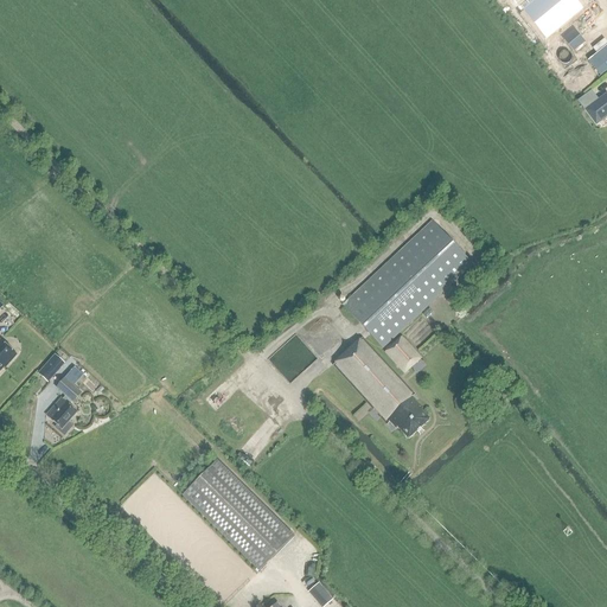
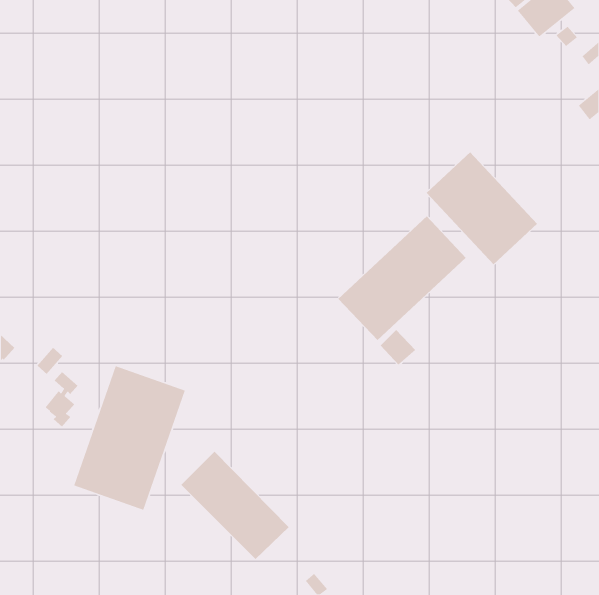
building: none -> [426,151,538,265]
building: [332,334,429,436] -> none
building: none -> [73,365,186,511]

